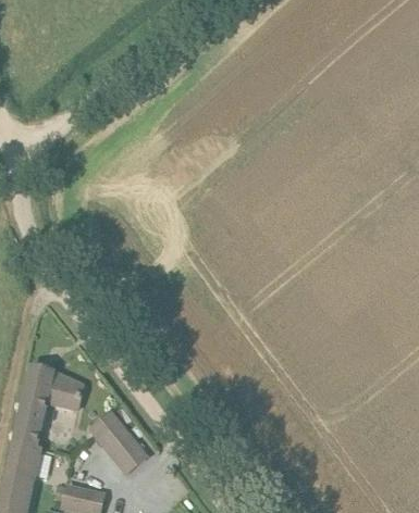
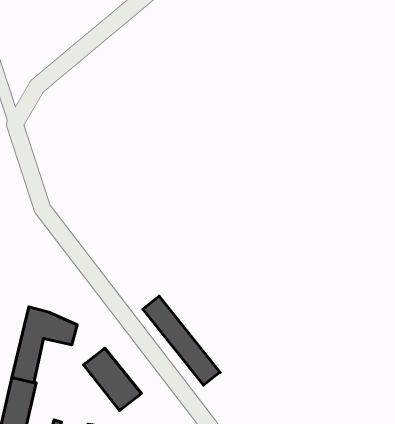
building: none -> [143,296,220,385]

